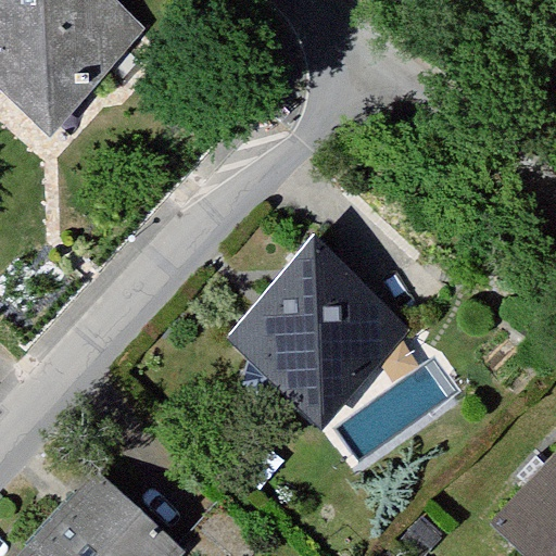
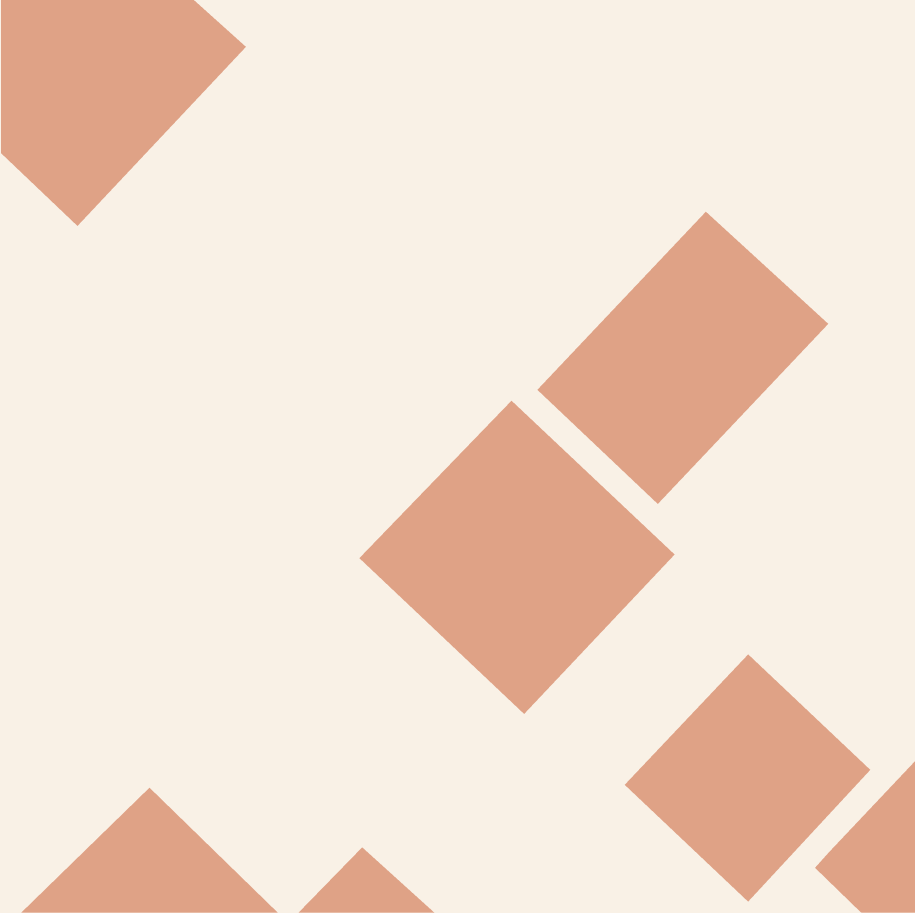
building: none -> [536,211,829,505]
building: none -> [624,653,871,902]

